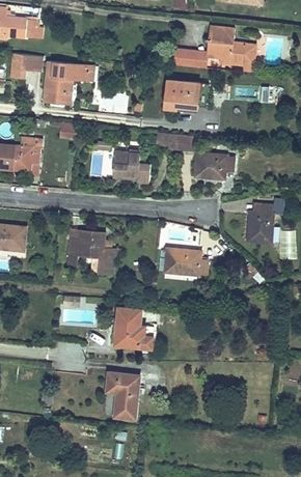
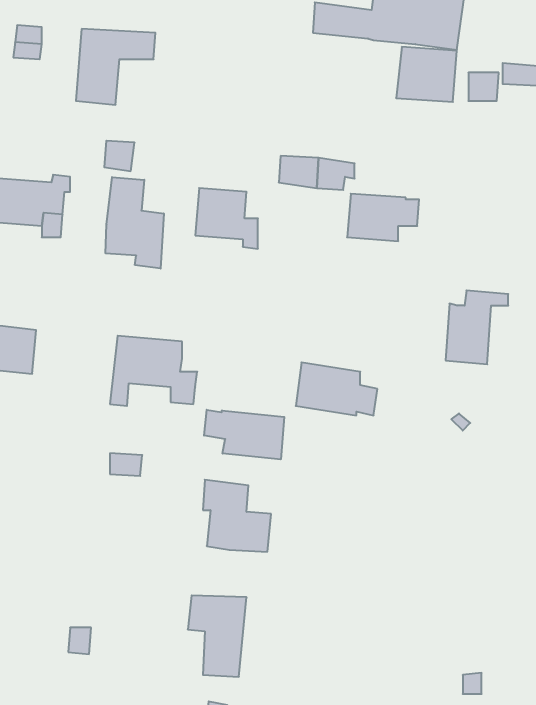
building: [165,79,198,109] -> [396,47,457,102]
building: none -> [106,177,164,269]
building: none -> [204,410,284,459]

